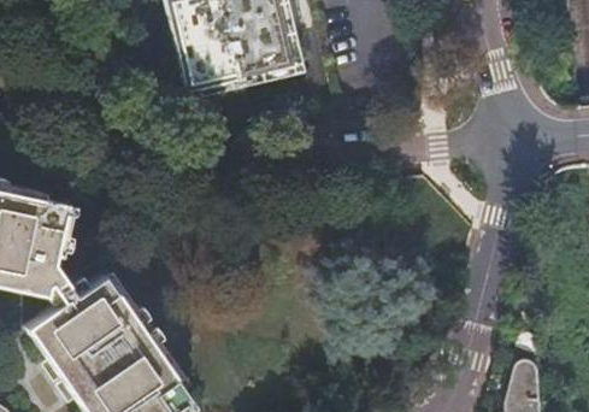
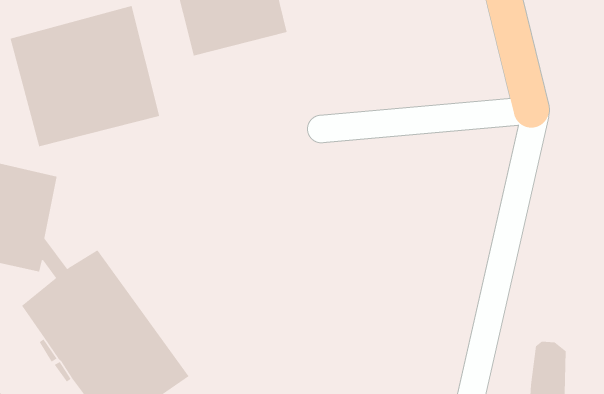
building: none -> [10,5,160,147]

